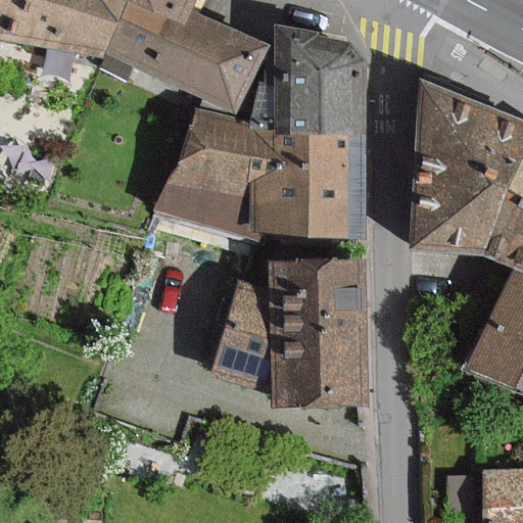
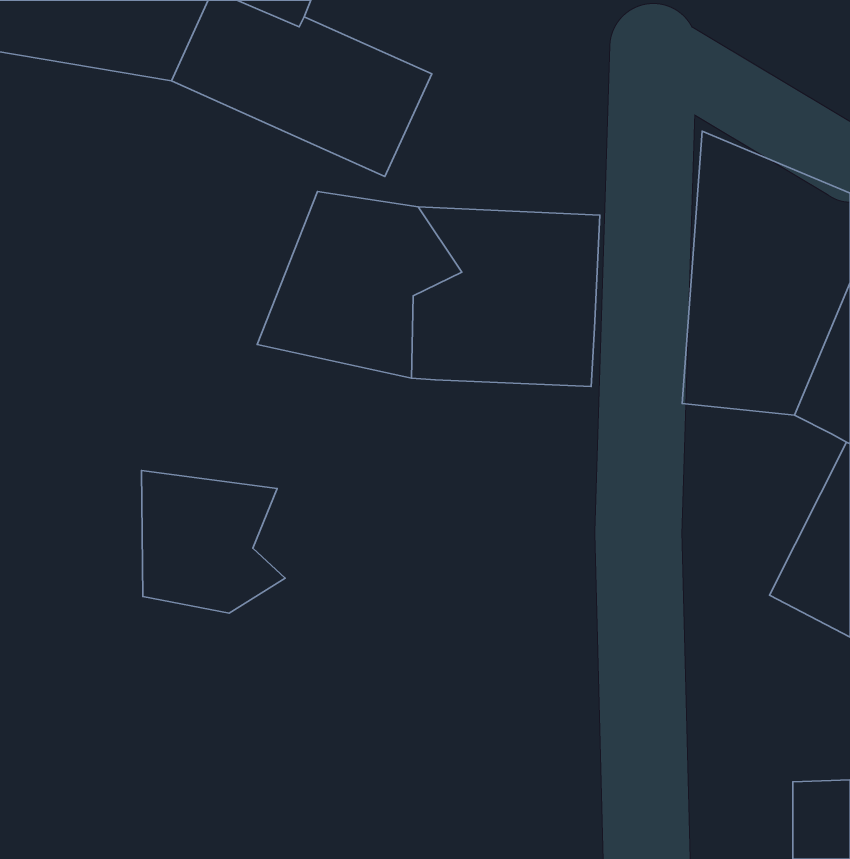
building: [254,27,368,131] -> none
building: [208,256,366,410] -> none
building: none -> [141,471,285,613]

